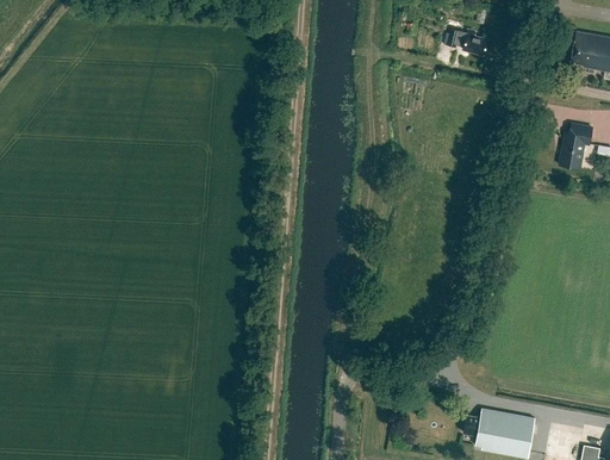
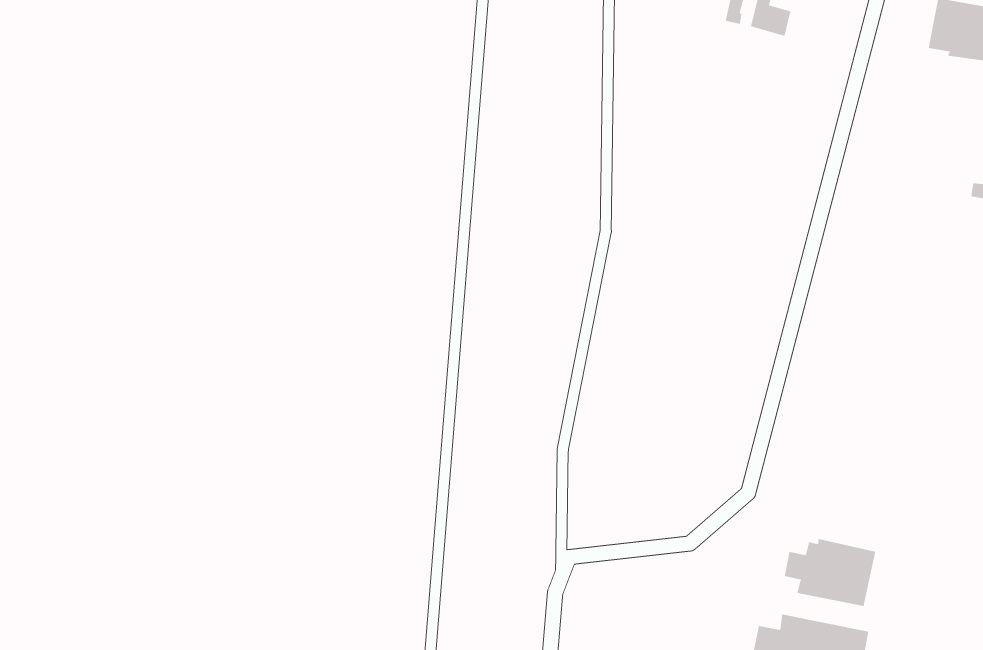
building: [561,124,593,168] -> none
building: none -> [784,538,876,607]

